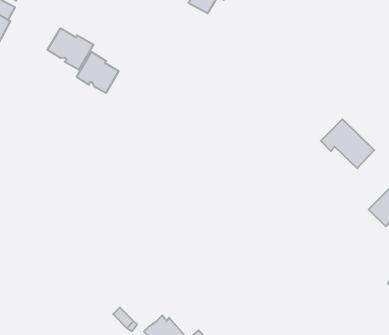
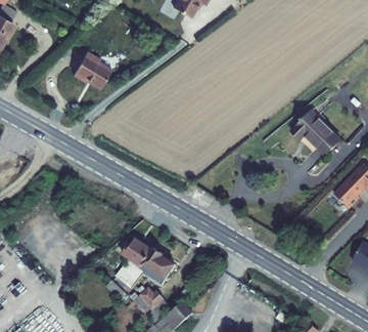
building: [48,28,94,70] -> none
building: none -> [114,240,175,288]

